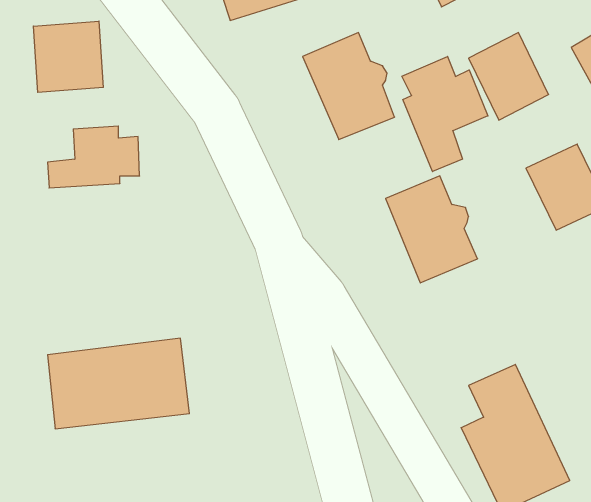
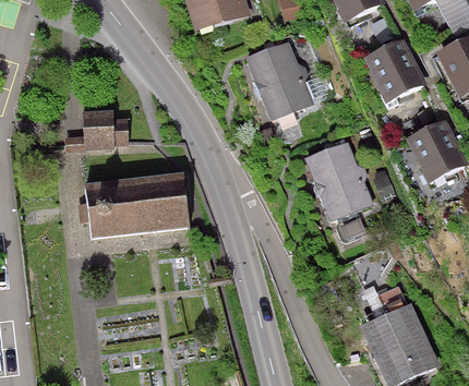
building: [33,21,103,92] -> none
building: [402,56,488,172] -> none
building: [48,338,189,429] -> [86,169,189,234]

